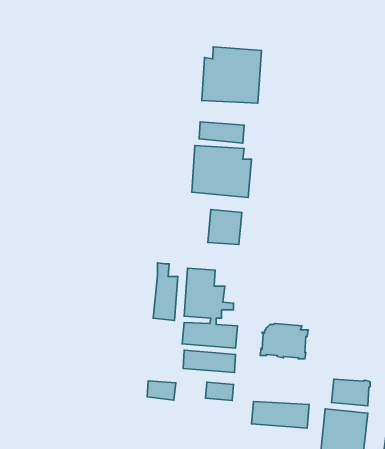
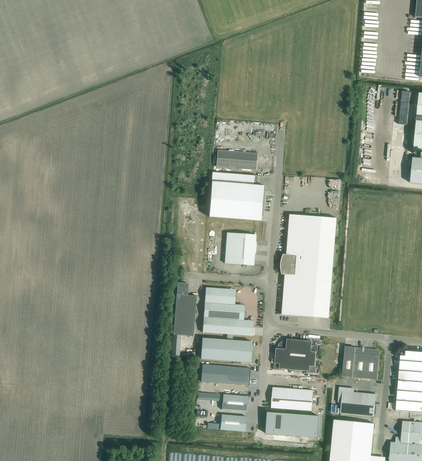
building: [202,47,262,103] -> none
building: none -> [281,214,337,318]
building: none -> [342,346,380,379]
building: none -> [271,386,313,410]
building: [147,381,176,400] -> [220,414,247,432]

